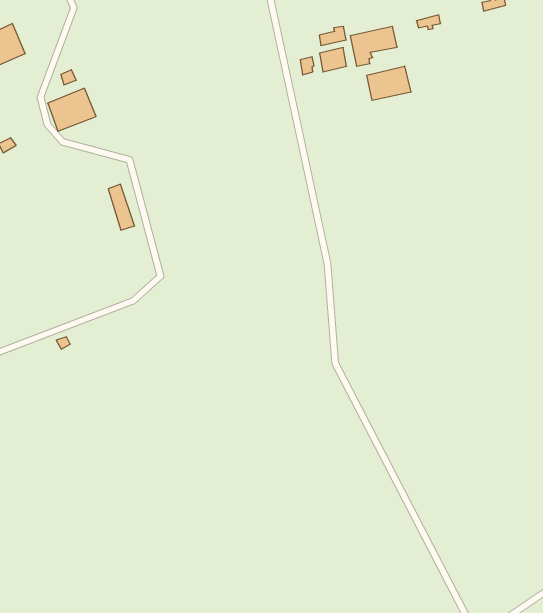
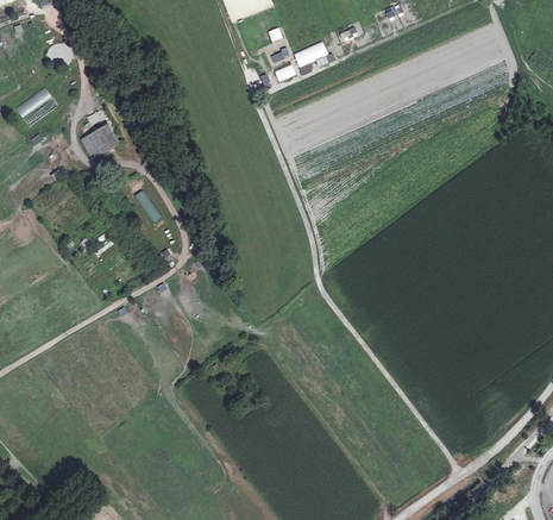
building: [367,66,411,100] -> none

